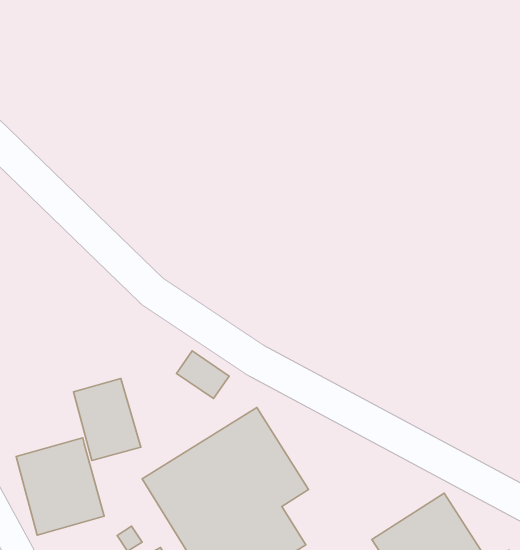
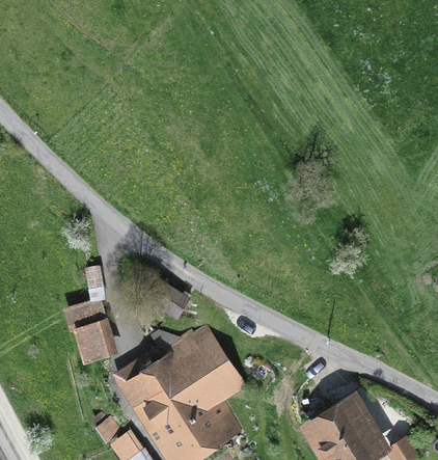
building: [16,438,104,535] -> none

